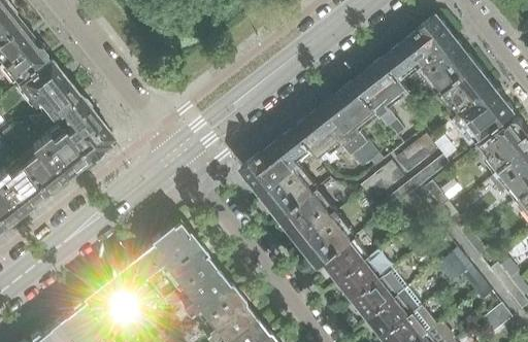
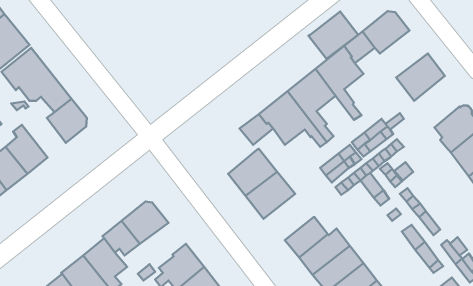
building: [421,39,474,90] -> [308,12,358,59]
building: [460,88,513,139] -> none
building: [38,130,86,175] -> none
building: [244,144,291,193] -> none
building: [298,214,352,266] -> none
building: [165,245,214,294] -> none

